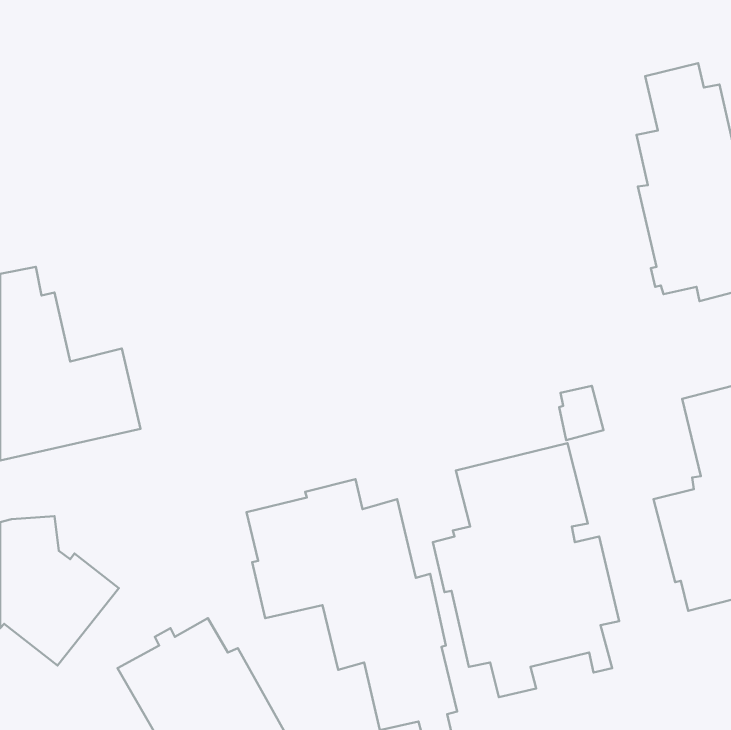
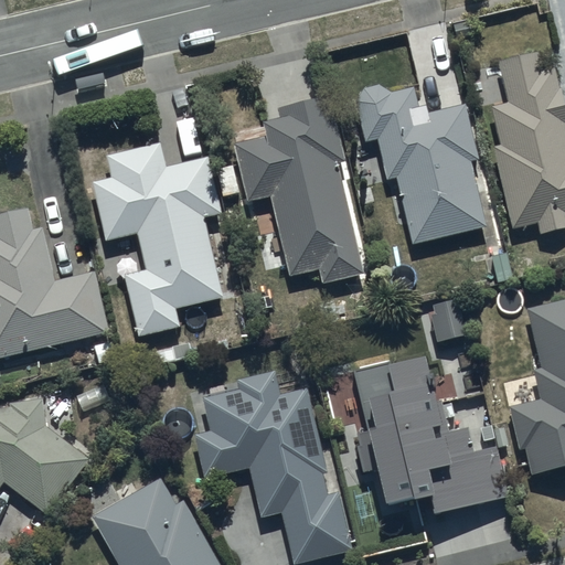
building: none -> [356,85,487,244]
building: none -> [234,95,364,284]
building: none -> [93,142,222,335]

